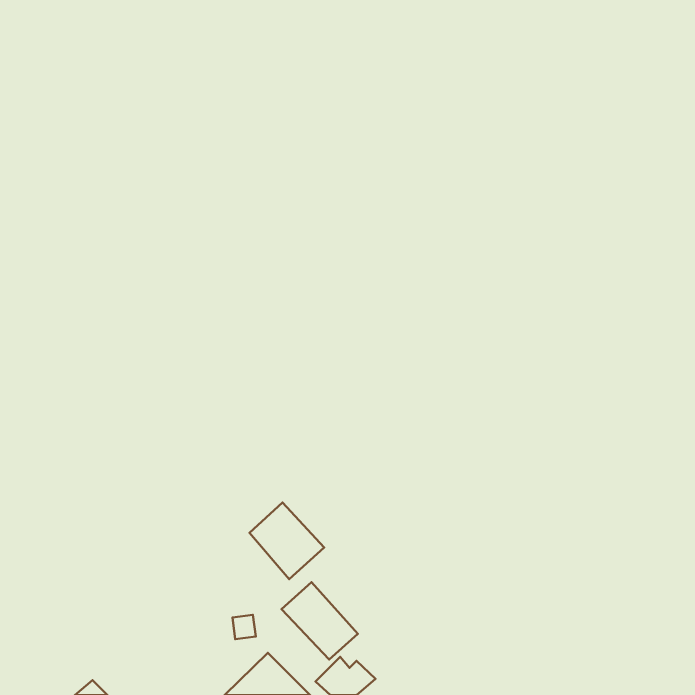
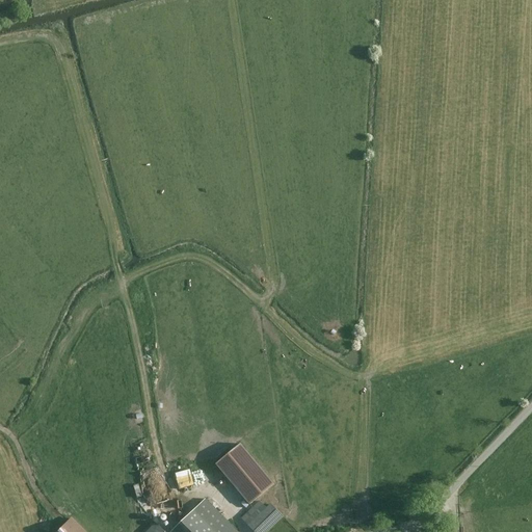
building: [249,503,324,579] -> none

